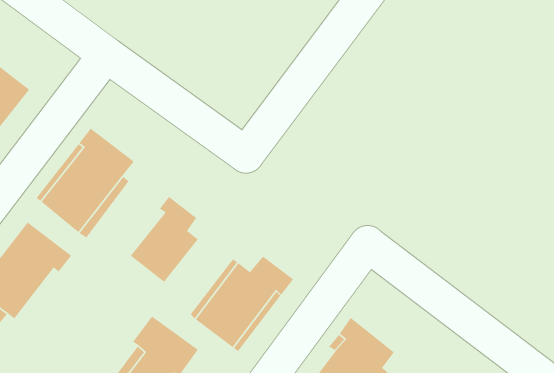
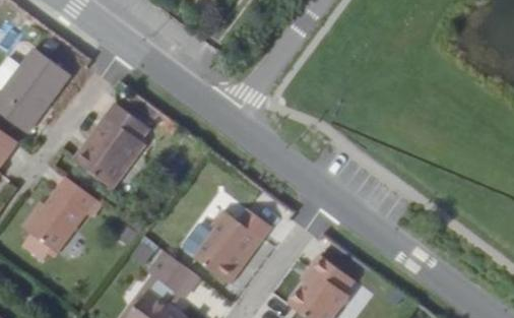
building: [130,196,199,283] -> none

